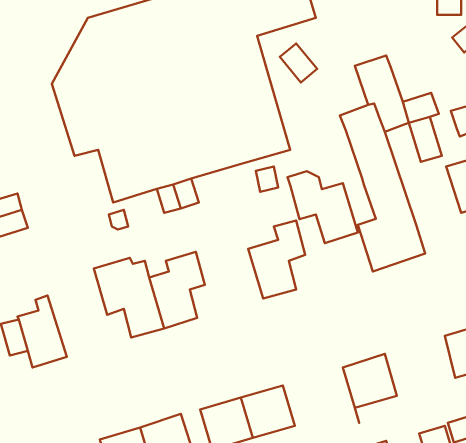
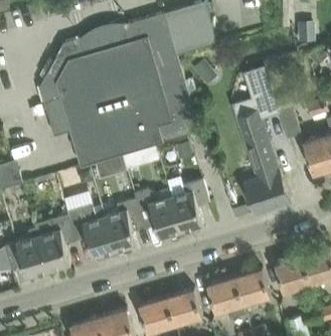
building: [287,171,358,243] -> [133,189,180,237]
building: none -> [34,210,75,270]
building: none -> [274,256,309,292]
building: none -> [205,277,244,318]

